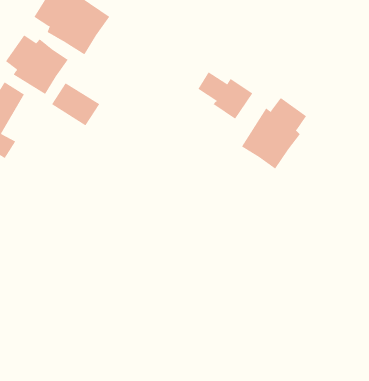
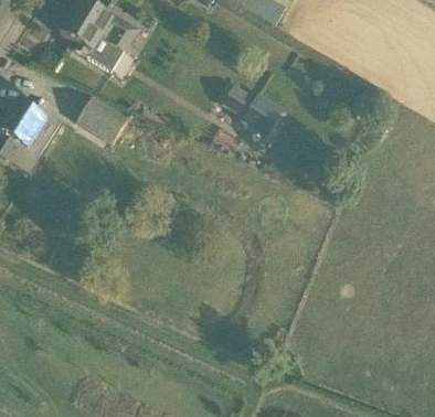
building: [5,34,68,95] -> none
building: [241,97,307,169] -> none

